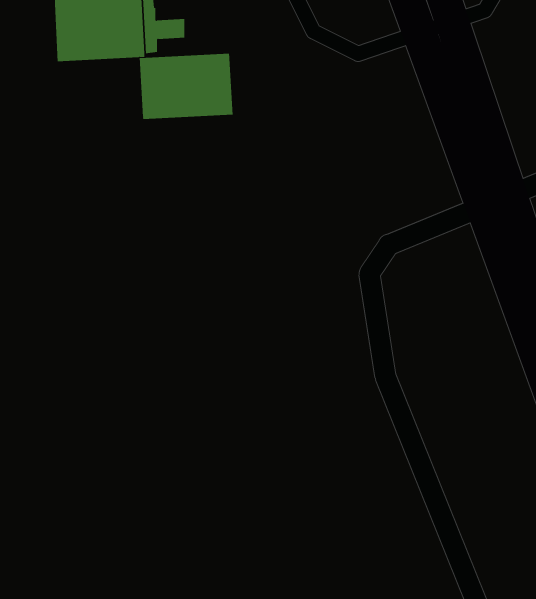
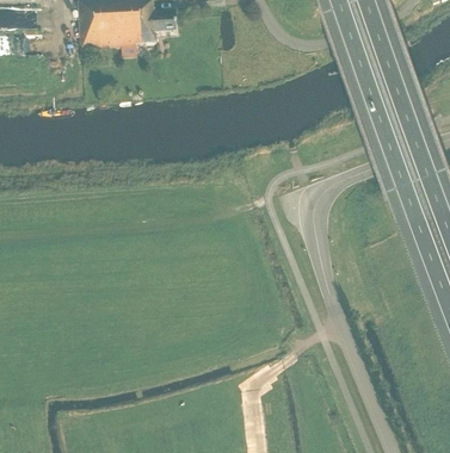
building: [139,53,233,120] -> none

